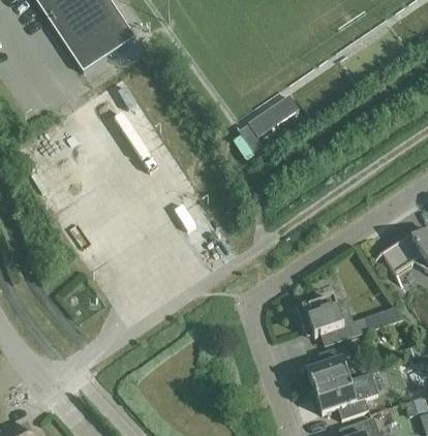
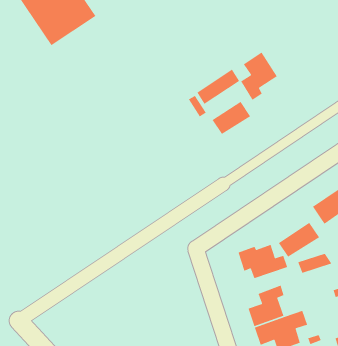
building: none -> [240,52,278,101]
building: none -> [211,101,251,135]
building: none -> [278,222,320,258]

